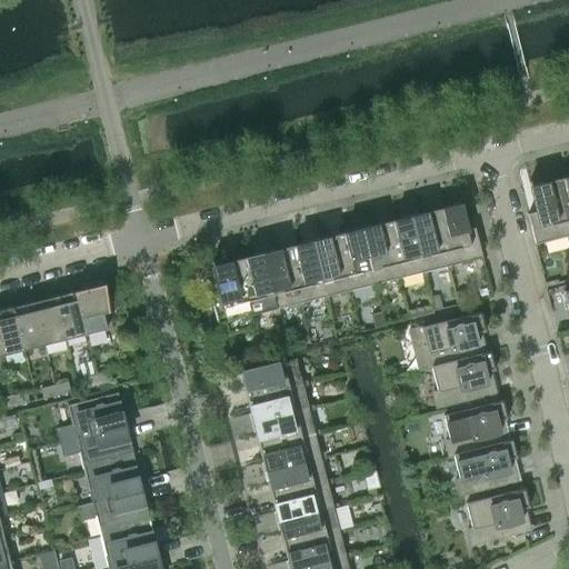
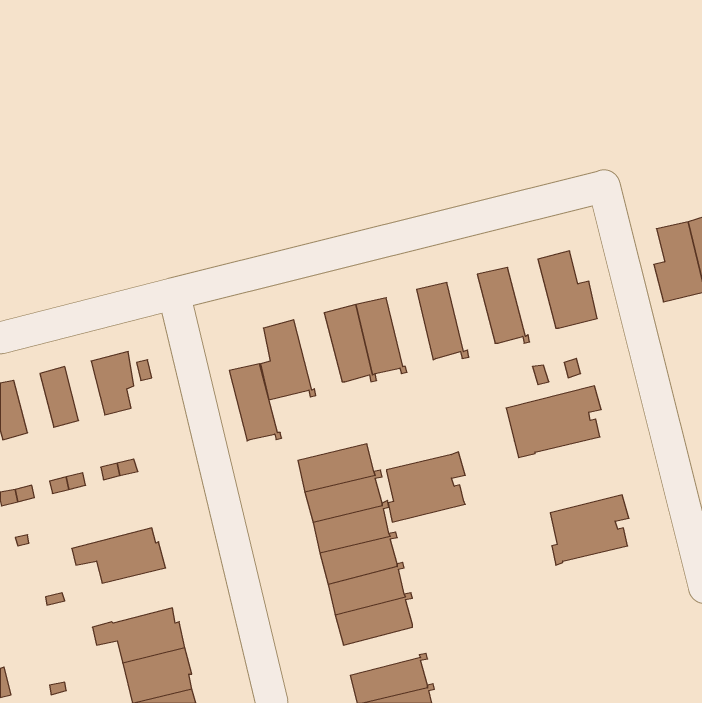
building: [411,209,453,271] -> none
building: [362,221,405,283] -> none
building: [313,233,356,296] -> none
building: [239,252,281,315] -> [229,364,282,441]
building: [54,291,87,339] -> none
building: [13,301,46,349] -> none
building: [433,350,497,407] -> [387,452,465,522]
building: [57,391,124,442] -> none
building: [456,438,519,495] -> none
building: [84,458,141,502] -> none
building: [468,488,531,543] -> none
building: [279,502,341,545] -> none

